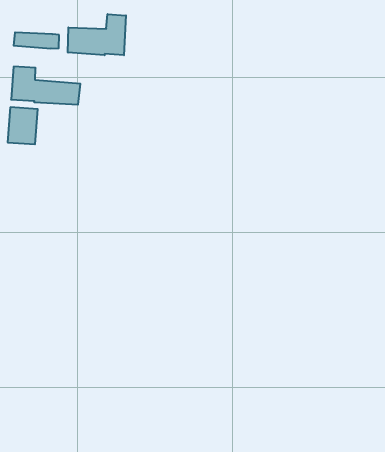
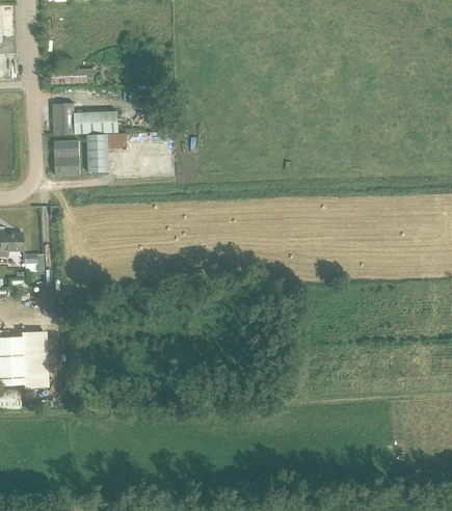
building: [68,14,126,55] -> none
building: none -> [85,133,108,171]

